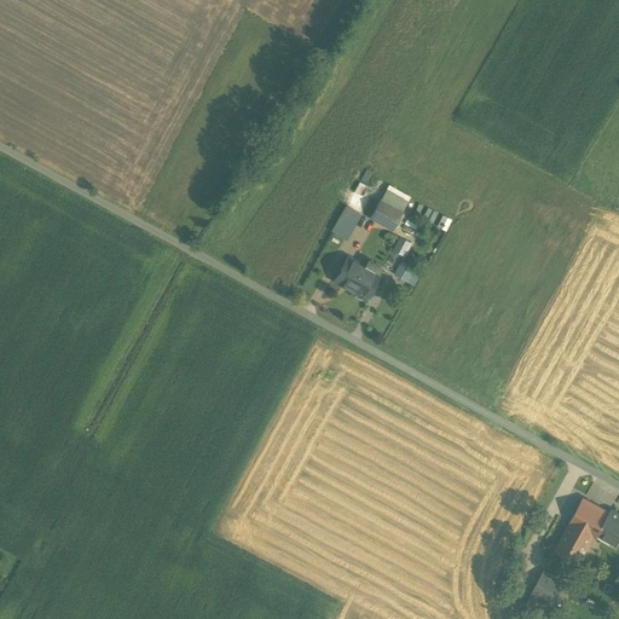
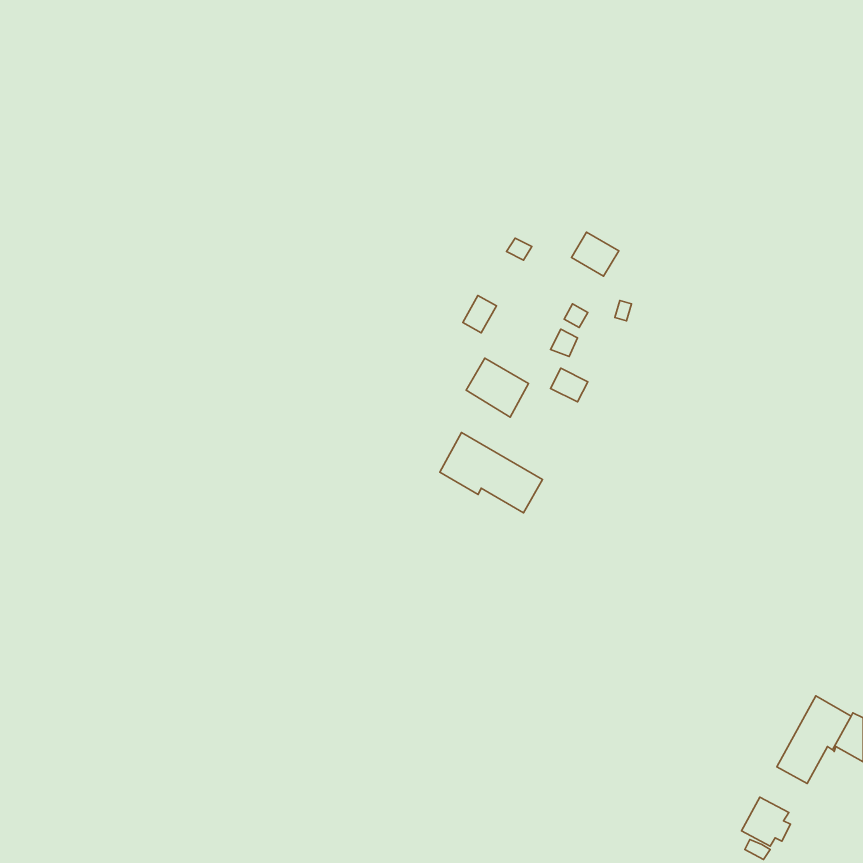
building: [369,198,403,230] -> [571,232,619,276]
building: none -> [440,433,542,513]

